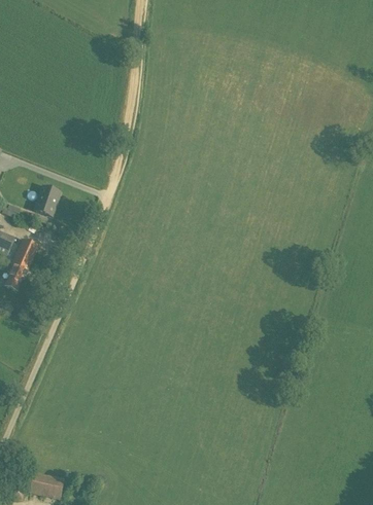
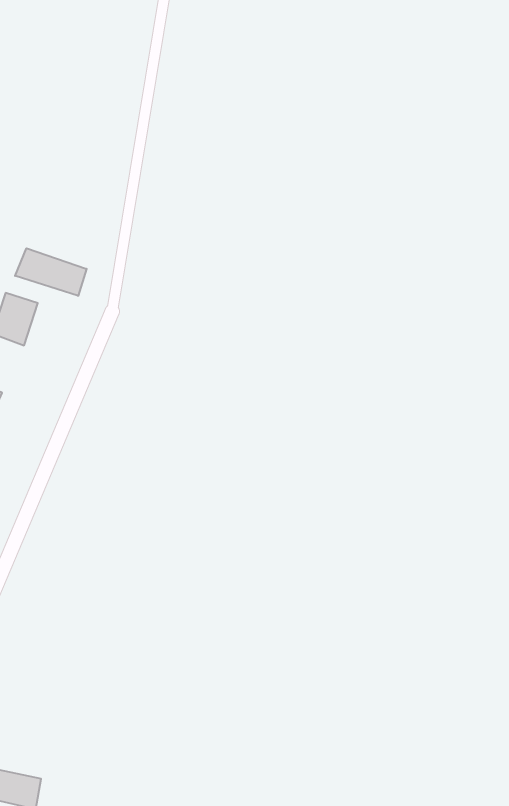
building: none -> [15,248,87,296]

